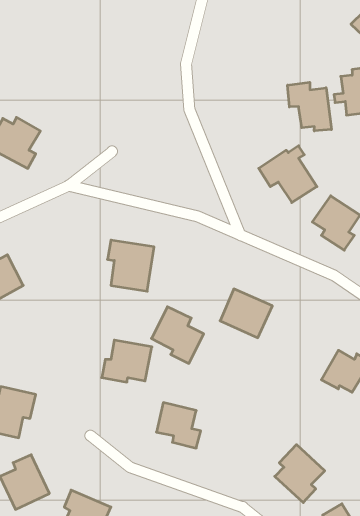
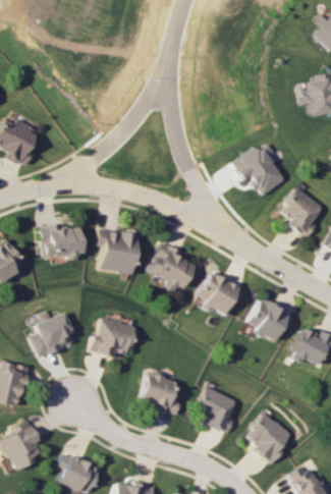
building: [288,82,331,131] -> none
building: none -> [41,224,81,260]
building: [151,307,204,363] -> [149,241,196,292]
building: none -> [247,298,295,340]
building: none -> [33,312,78,358]
building: none -> [199,386,238,433]

